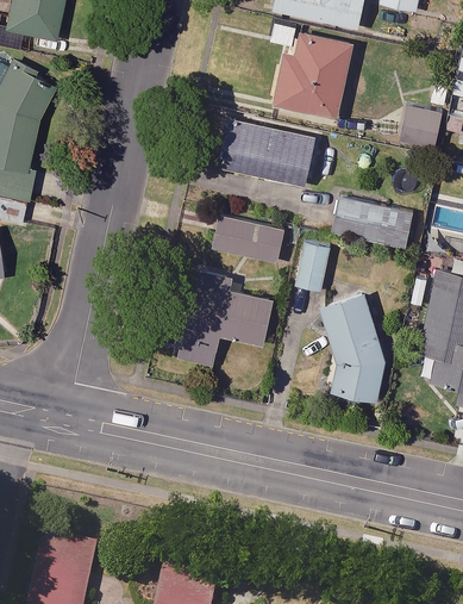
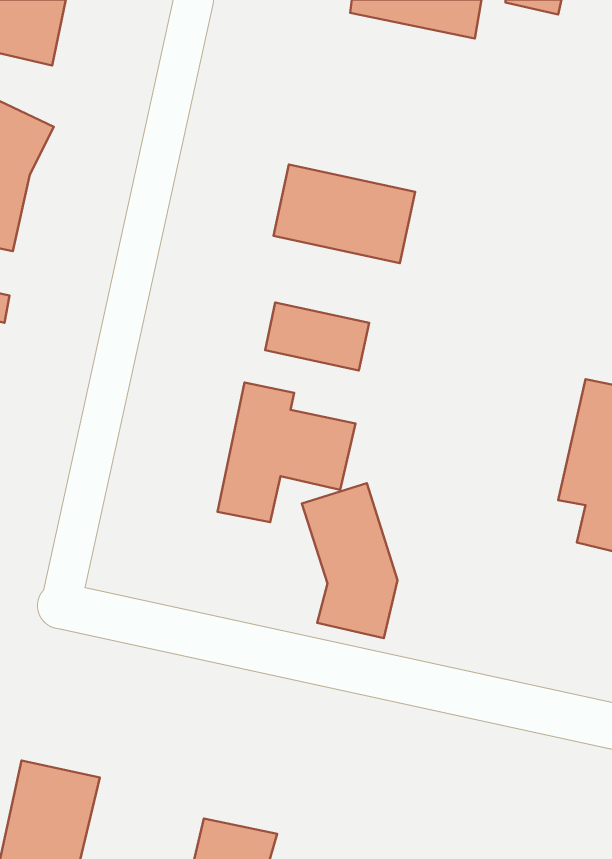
building: [270,31,352,119] -> none
building: [398,105,443,149] -> none
building: [331,195,413,248] -> none
building: [294,242,330,291] -> none
building: [319,292,386,400] -> [302,483,397,638]

